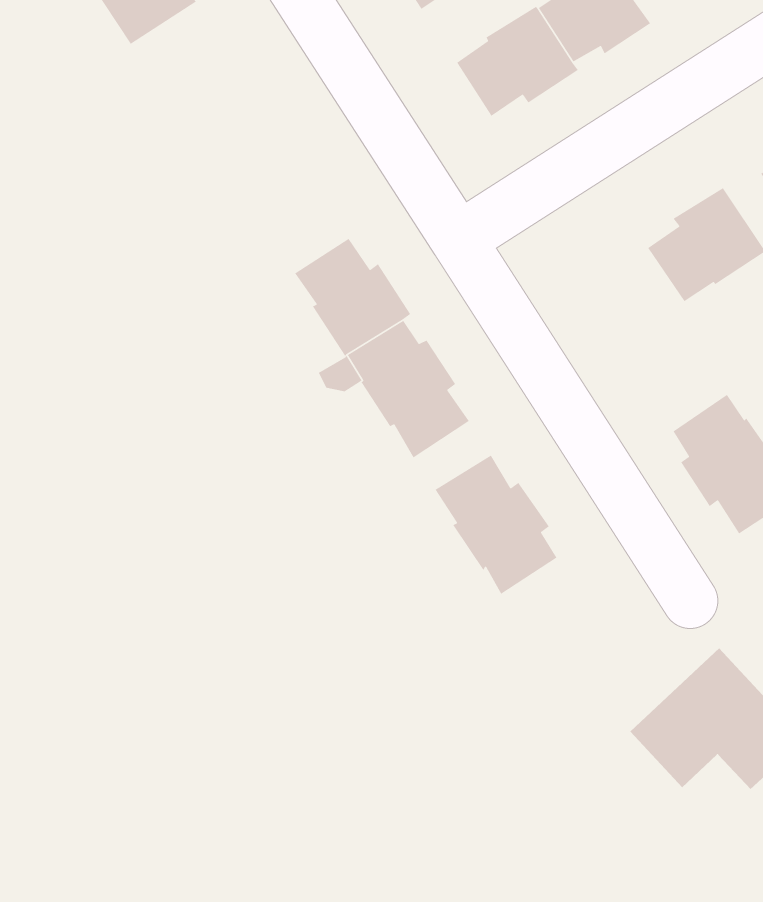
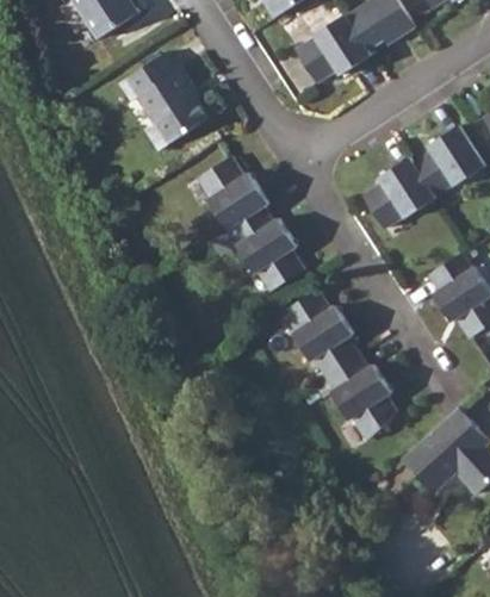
building: none -> [119,51,207,149]
building: none -> [364,156,436,228]
building: none -> [324,352,398,439]

